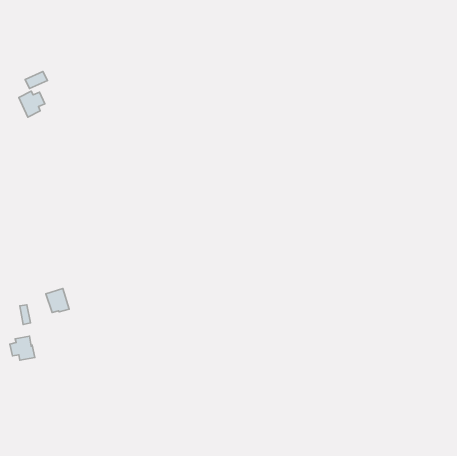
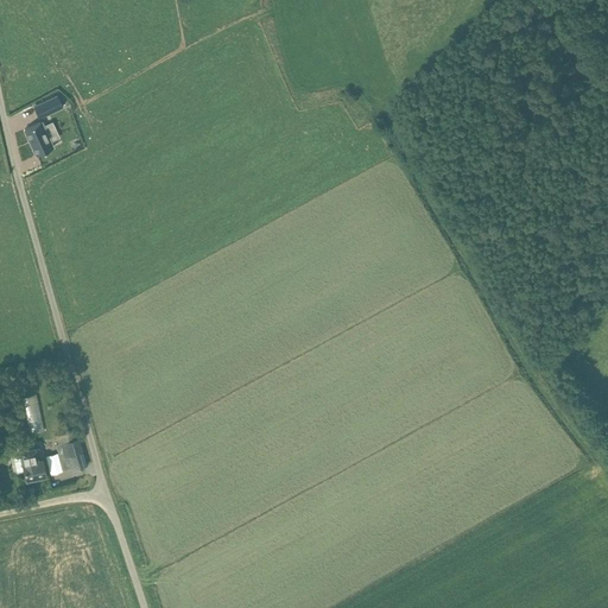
building: [46,288,69,313] -> [56,439,87,471]

